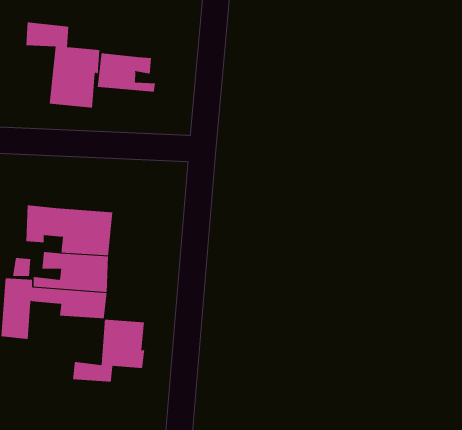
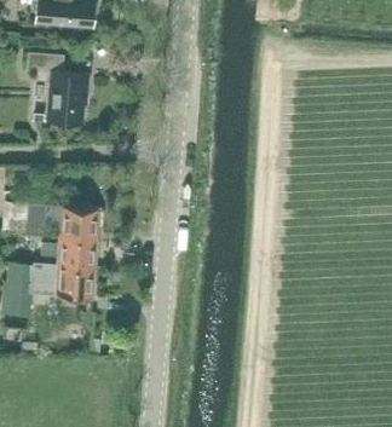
building: [97,53,156,92] -> none
building: [72,319,145,383] -> none

